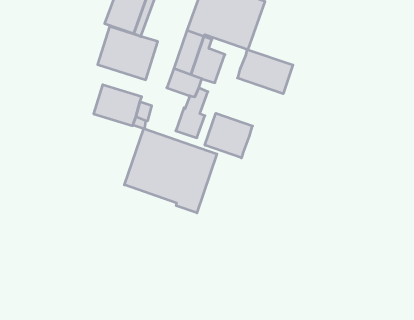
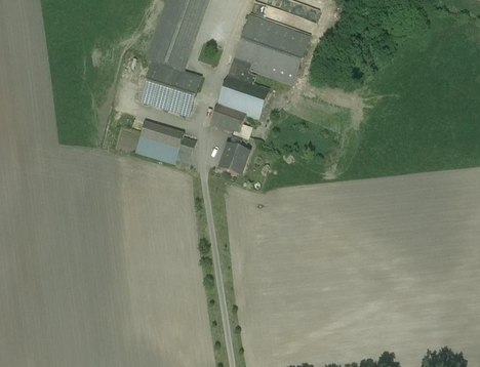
building: [237,49,293,94] -> none
building: [205,113,253,158] -> none
building: [124,128,217,213] -> none

